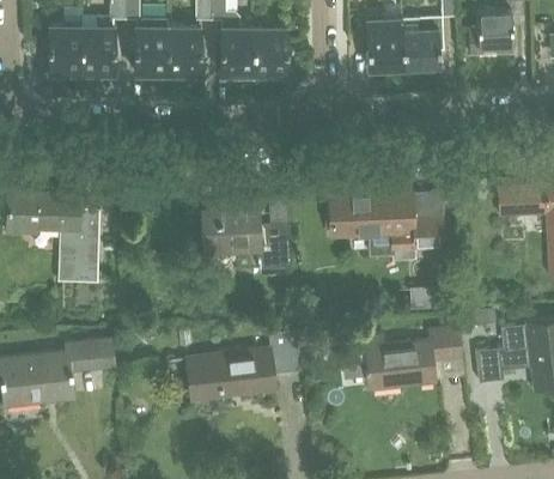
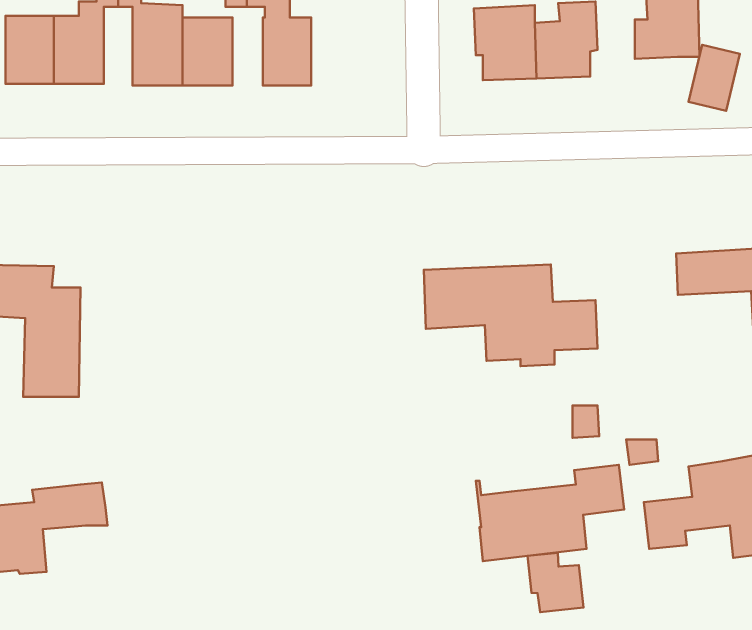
building: [252,28,286,73] -> none
building: none -> [689,45,740,111]
building: [199,198,292,267] -> none
building: [187,331,305,399] -> none
building: none -> [527,553,584,612]

